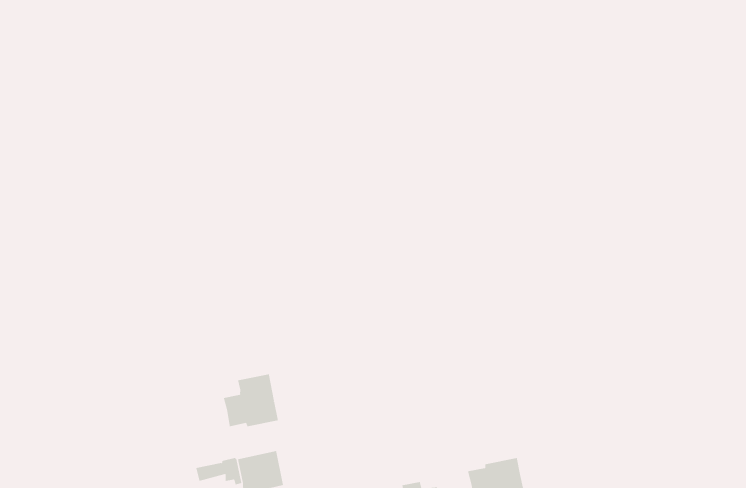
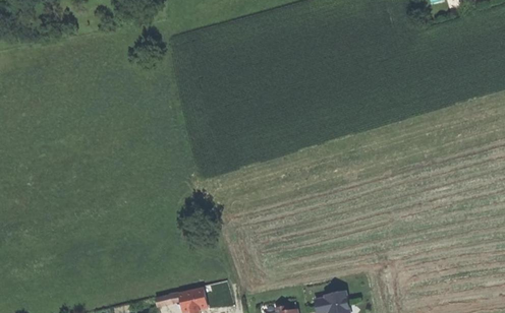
building: [223,374,279,427] -> none

